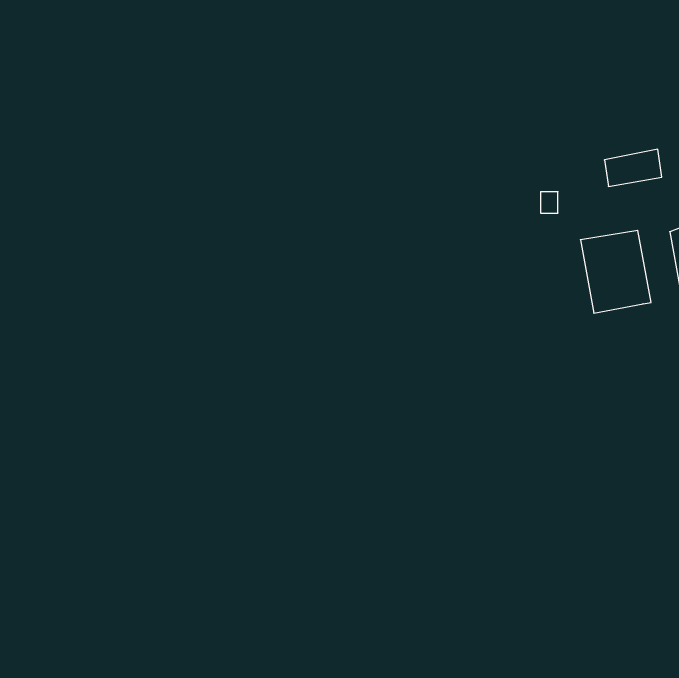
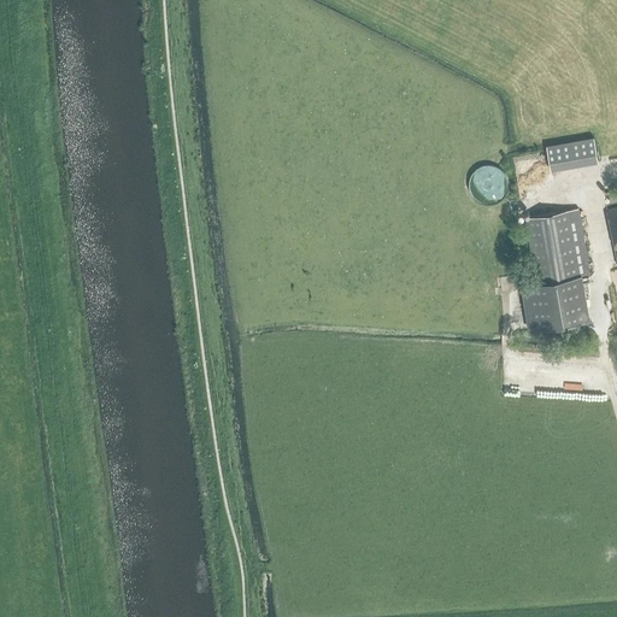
building: none -> [522,277,590,333]

